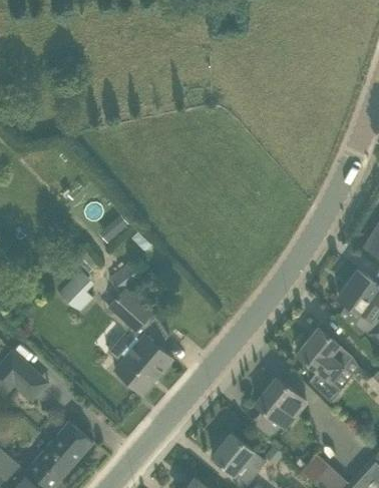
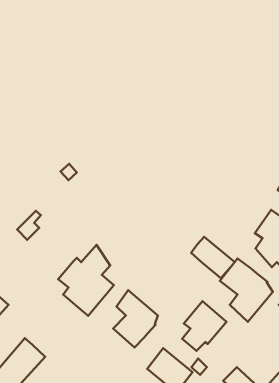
building: [107,264,153,332] -> none
building: none -> [191,237,235,278]
building: none -> [113,290,158,347]

